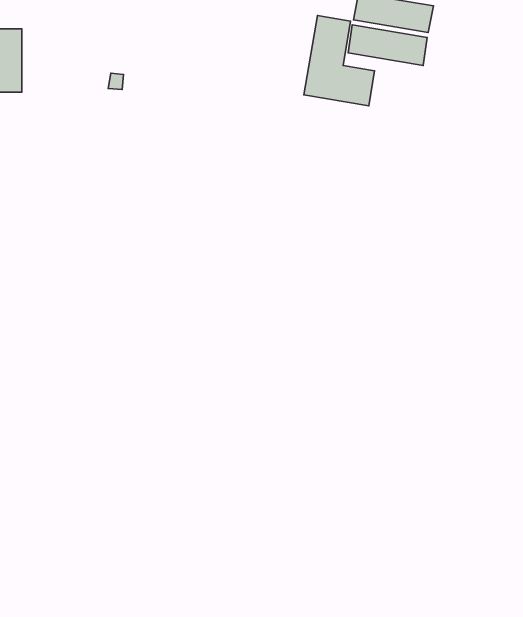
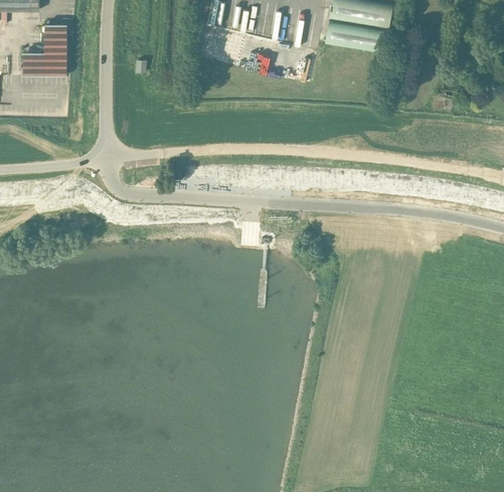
building: [304,16,375,106] -> none

